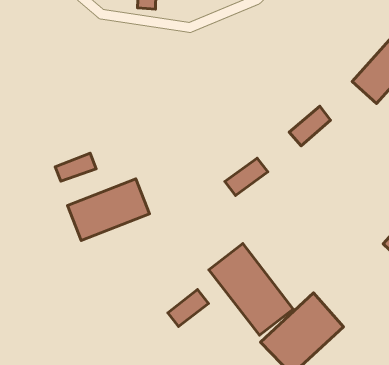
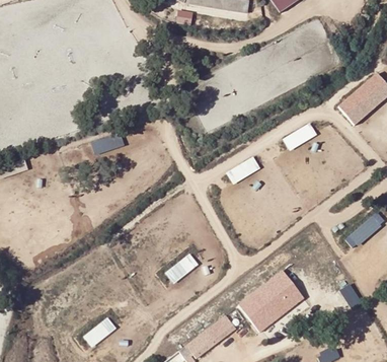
building: [68,179,149,240] -> none
building: [209,244,293,335] -> none

